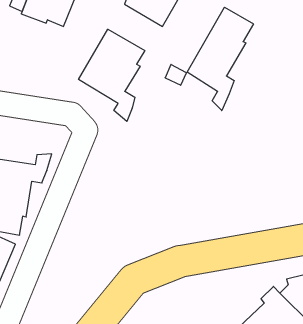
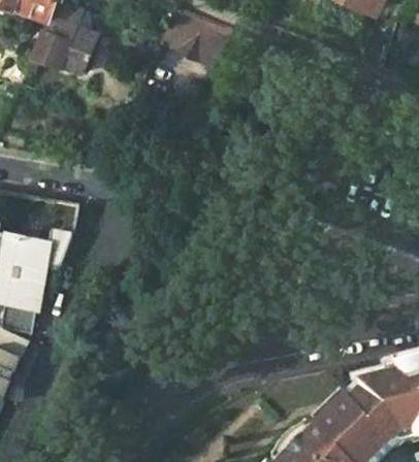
building: [187,7,253,111] -> none
building: [79,29,145,121] -> none

